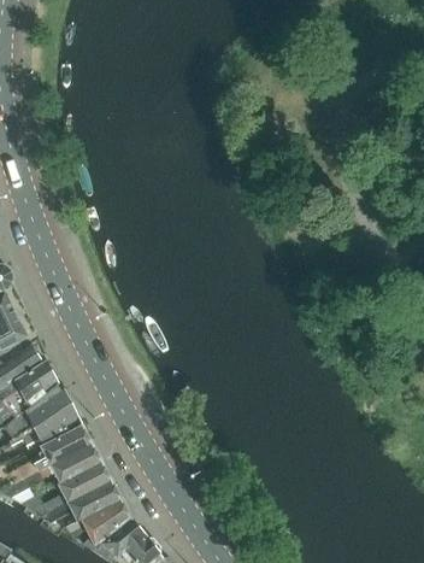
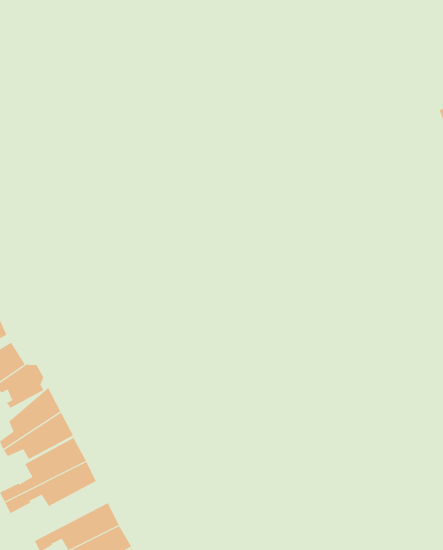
building: [43,462,111,512] -> none

